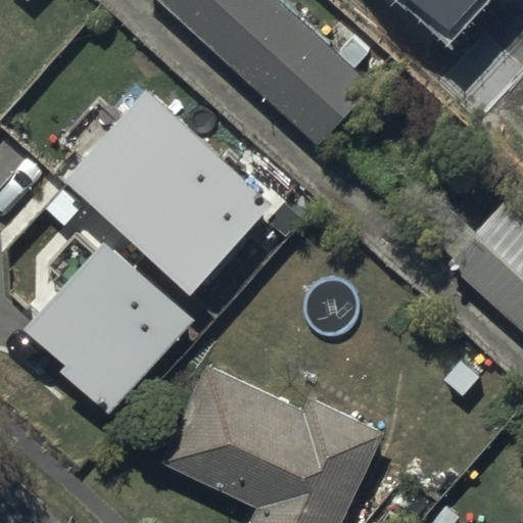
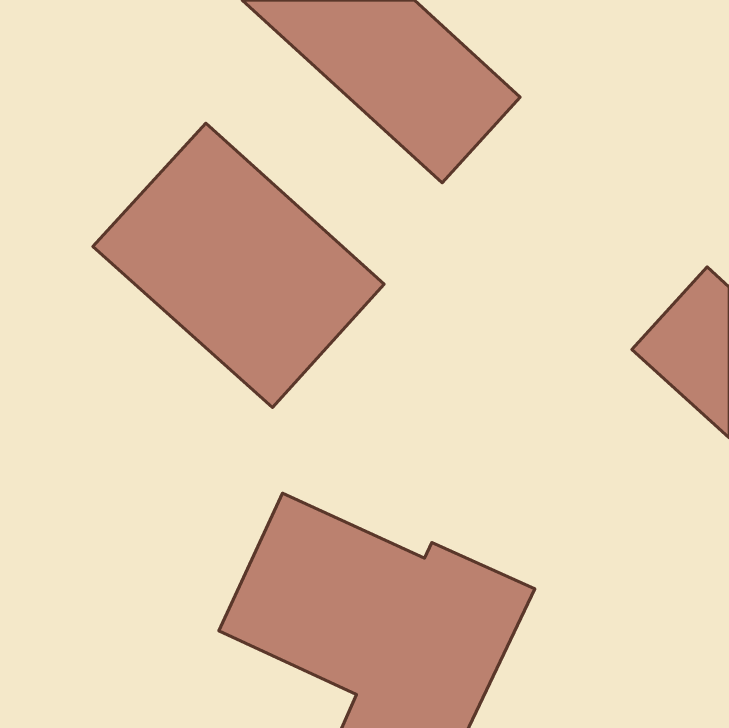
building: [26,248,191,419] -> none

